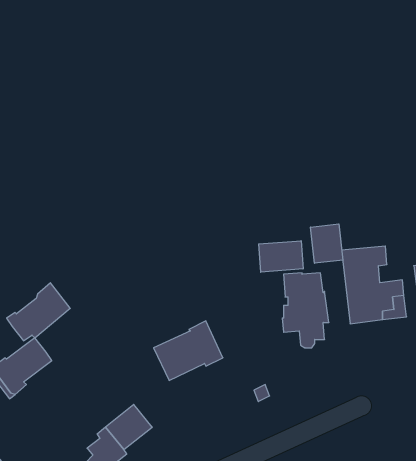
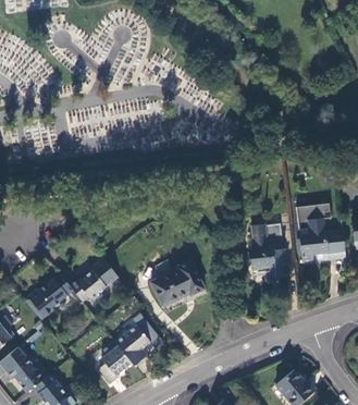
building: [311,224,343,263] -> none
building: [259,241,303,272] -> none
building: [7,283,70,341] -> [69,257,118,302]

